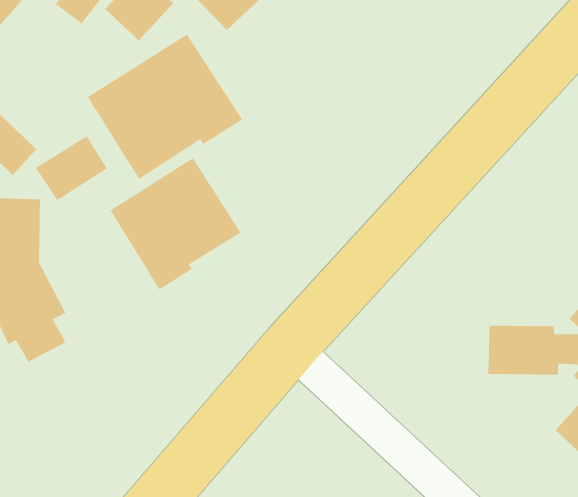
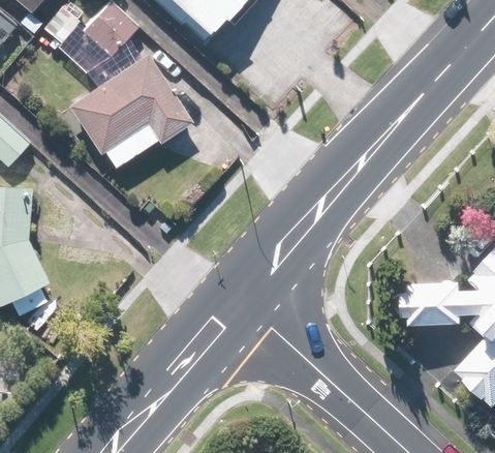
building: [35,135,108,201] -> none
building: [109,157,241,291] -> none

